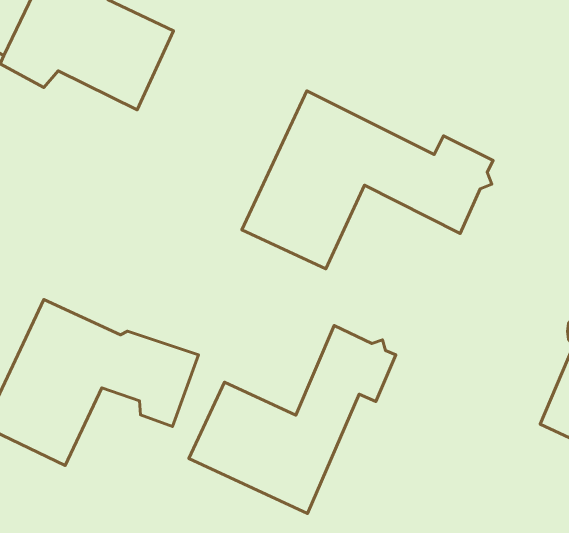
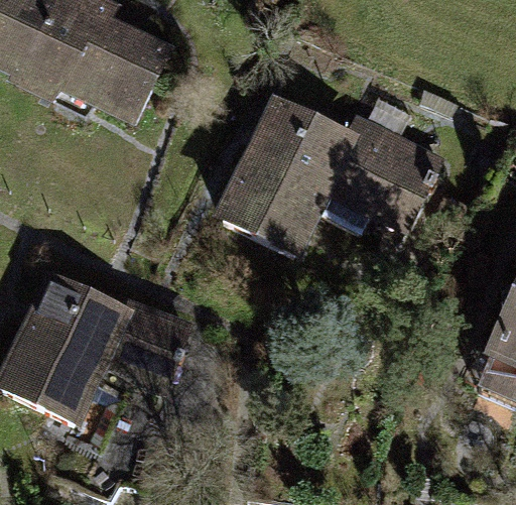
building: [189,325,396,514] -> none

